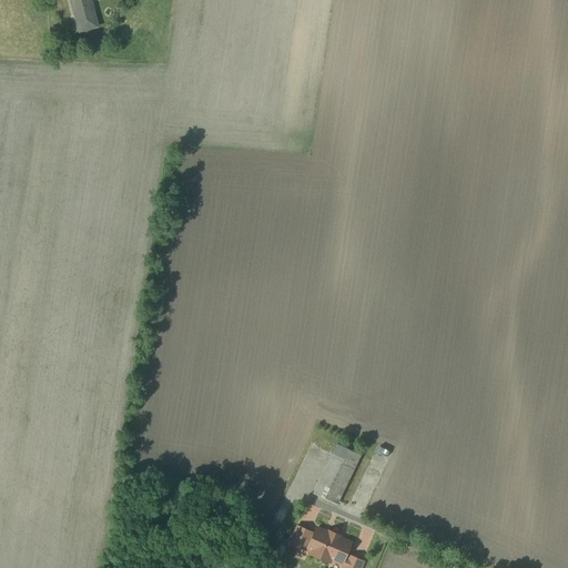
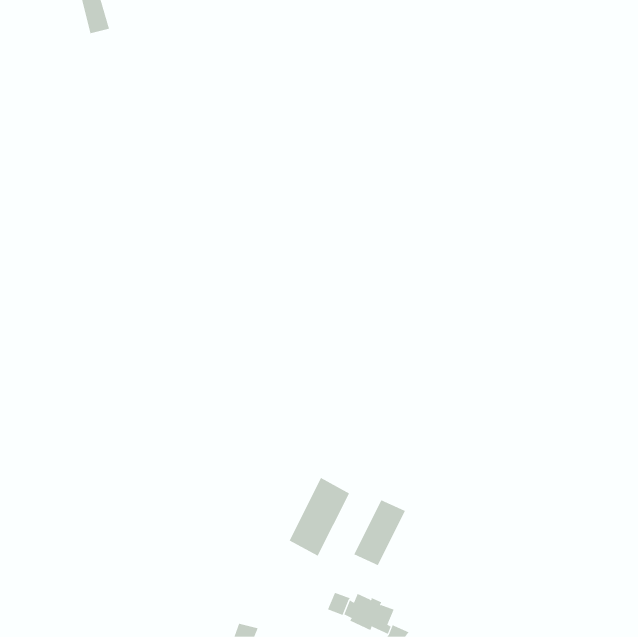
building: none -> [289,477,350,557]

